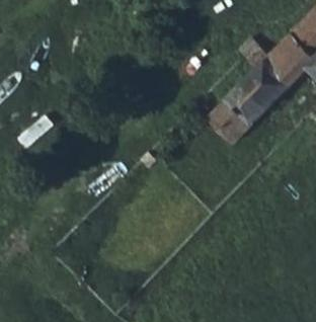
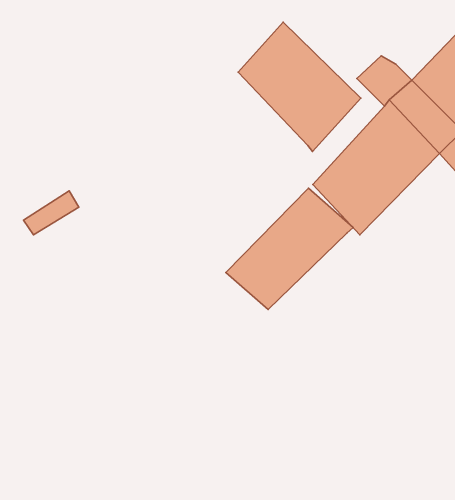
building: none -> [238,22,361,152]
building: none -> [226,188,353,309]

